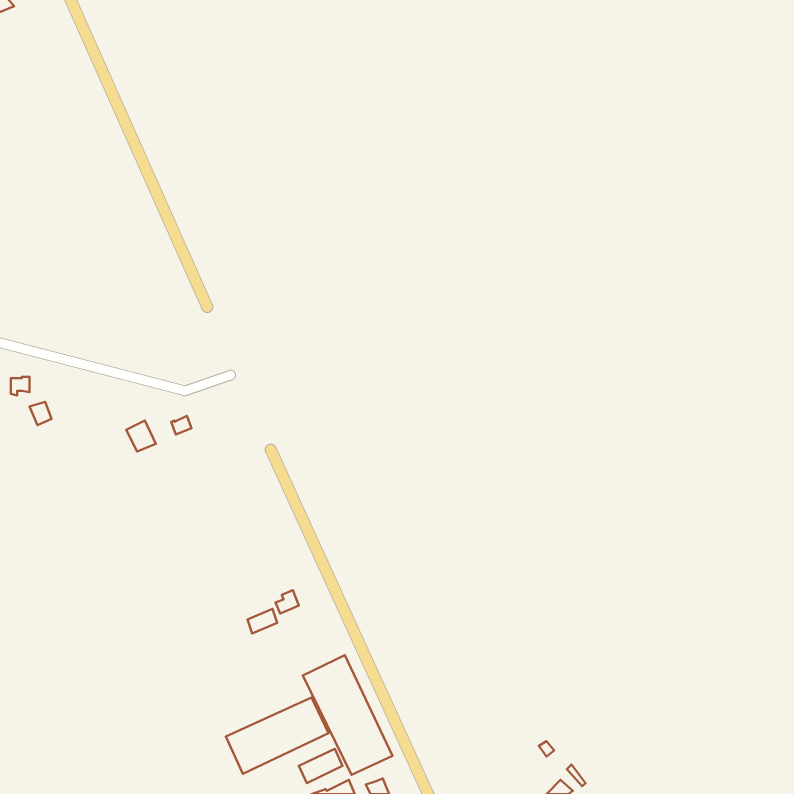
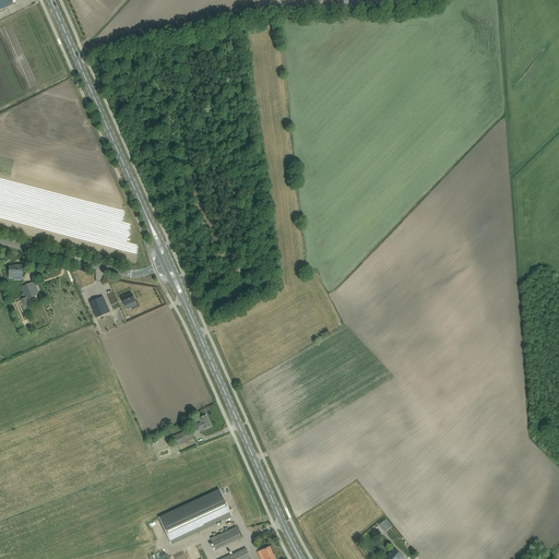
building: [303,655,392,775] -> none

